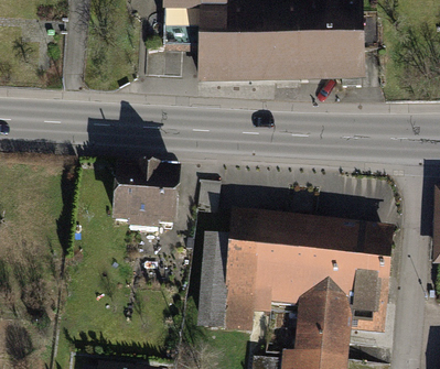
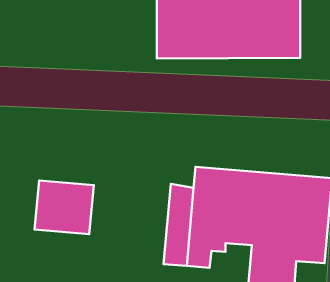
building: [116,161,185,224] -> [34,180,94,234]

